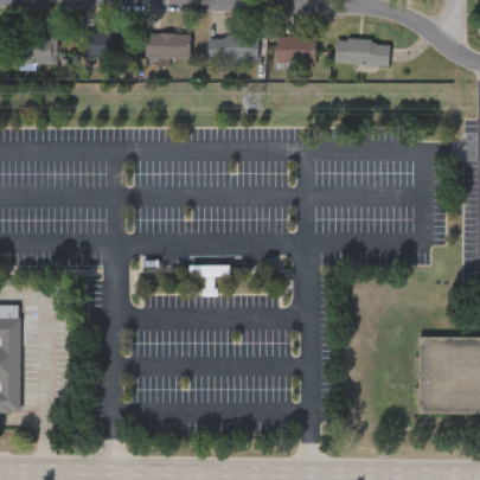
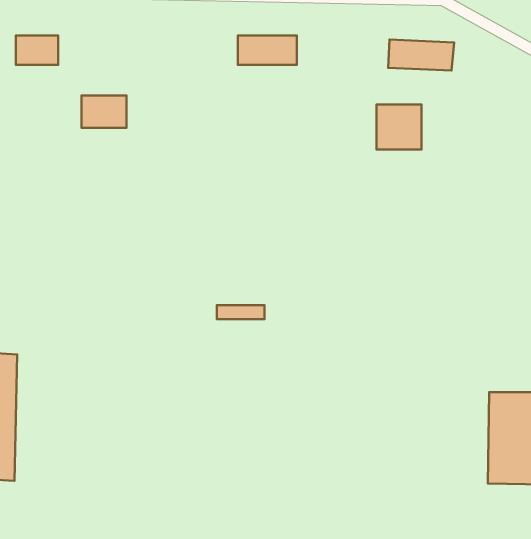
building: [83,31,121,58] -> [82,96,126,128]
building: [145,32,190,58] -> none
building: [275,37,313,75] -> [377,105,421,150]

